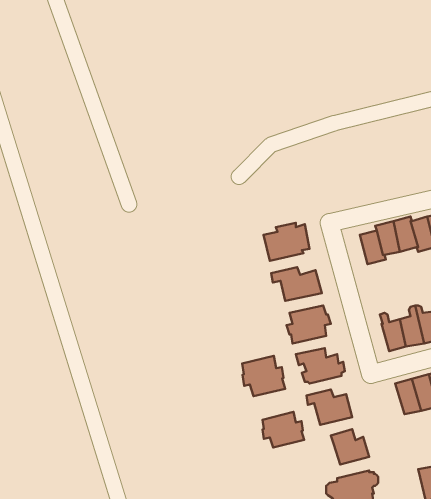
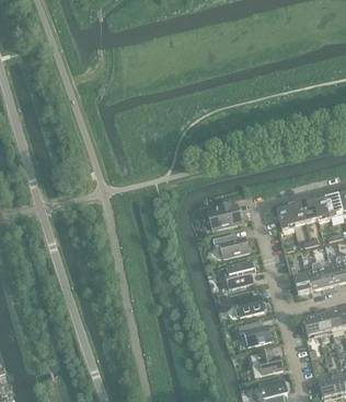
building: [242,356,285,396] -> none
building: [262,412,304,448] -> none

